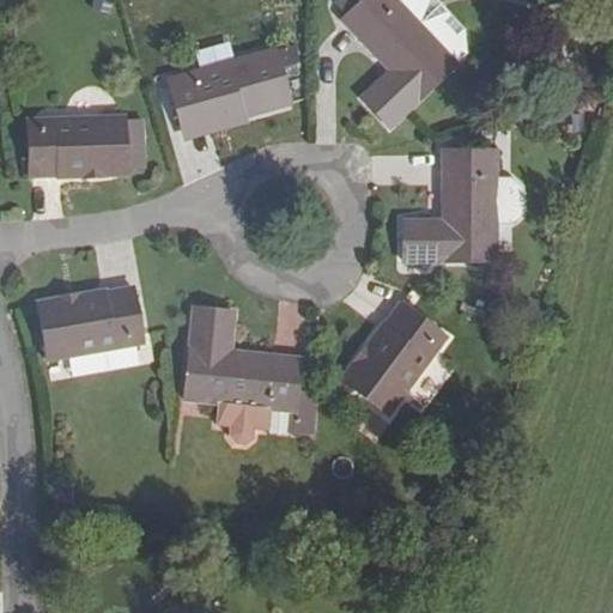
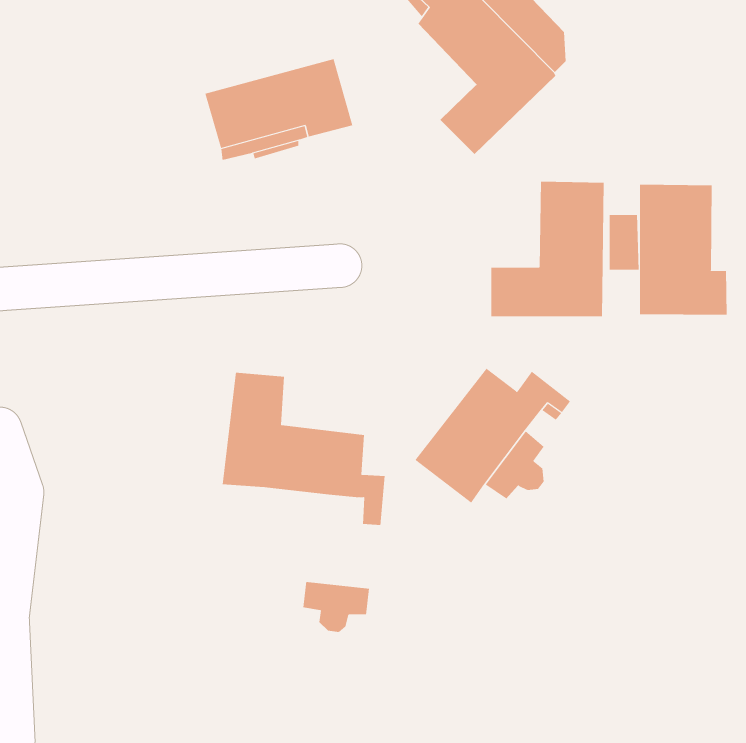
building: [26,115,141,177] -> none
building: none -> [639,184,727,316]
building: [37,284,141,359] -> none
building: [214,400,269,442] -> [303,581,370,632]

